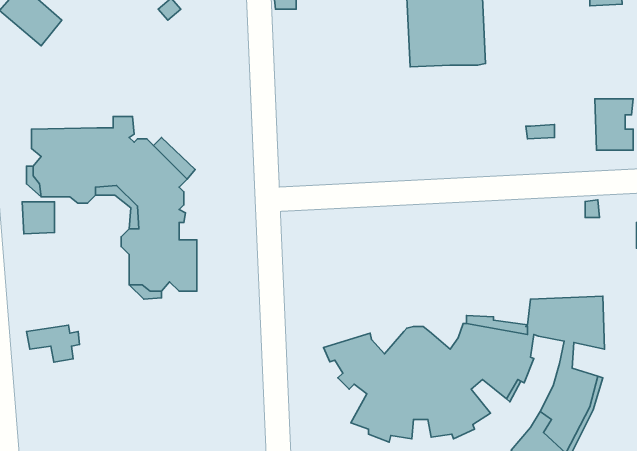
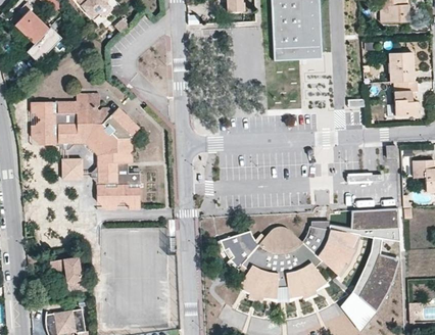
building: none -> [390,53,414,83]
building: [22,202,54,234] -> [62,158,83,179]
building: [27,325,80,362] -> [52,256,86,280]

